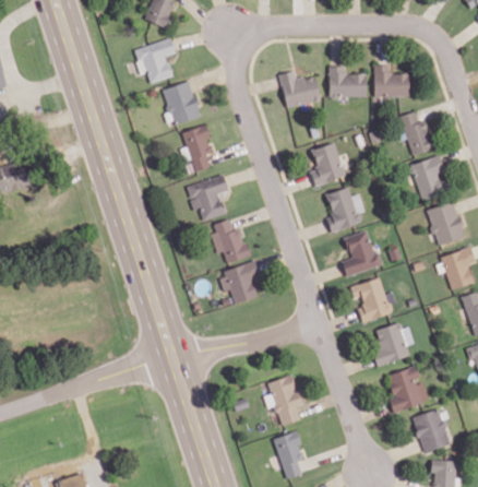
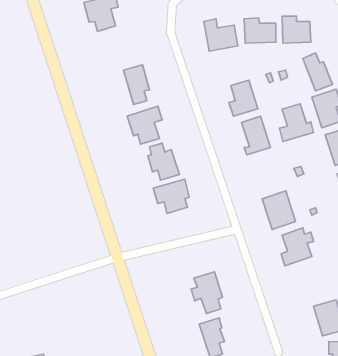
building: [164,81,201,124] -> none
building: [342,230,383,276] -> [279,104,314,142]
building: [386,364,430,414] -> none

